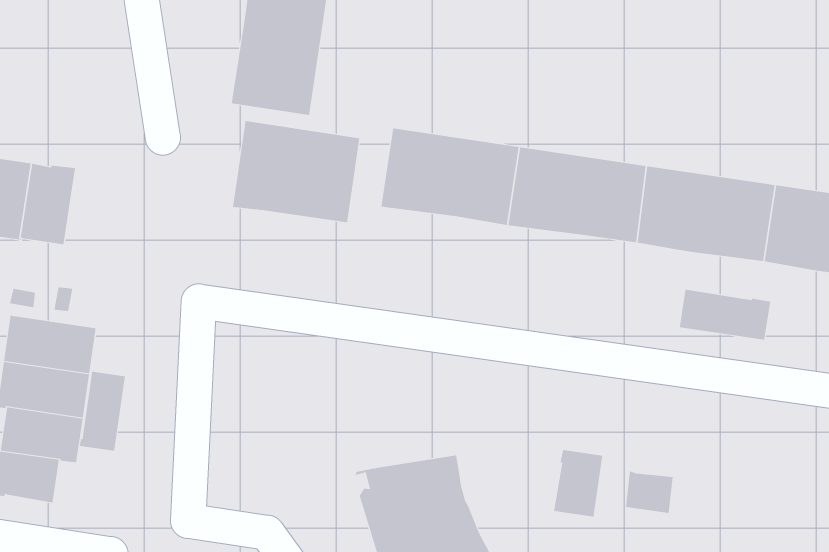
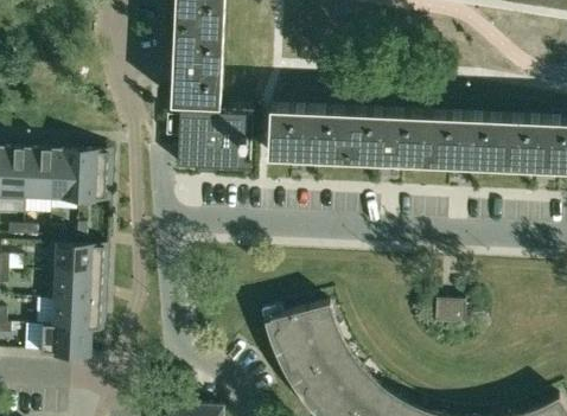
building: none -> [77,153,106,201]
building: [679,289,771,341] -> none
building: [79,371,125,452] -> none
building: [554,449,603,517] -> none

